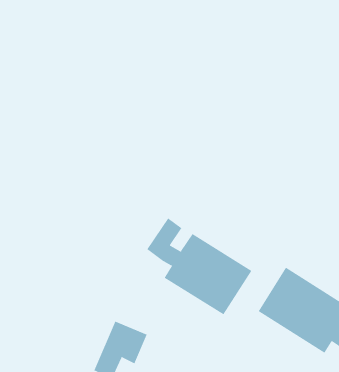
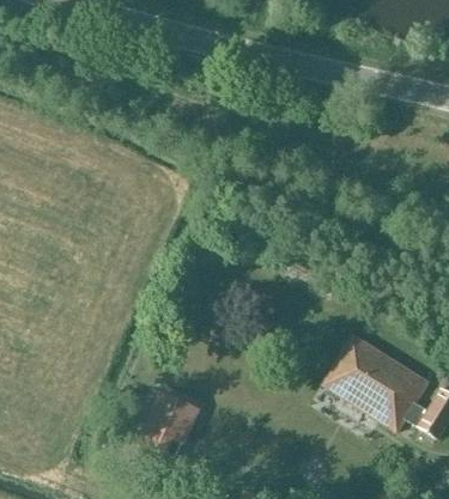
building: [147,218,252,315] -> none

